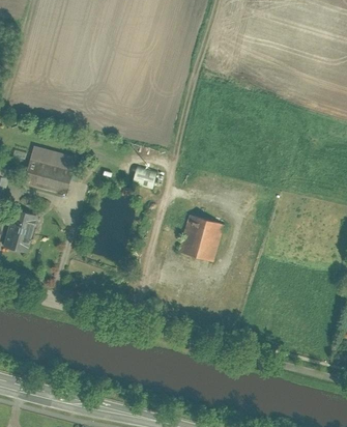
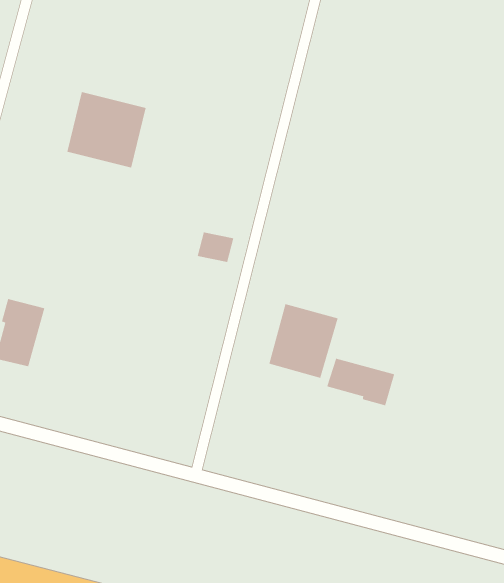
building: [24,146,75,195] -> [66,91,146,168]
building: none -> [327,358,395,406]

